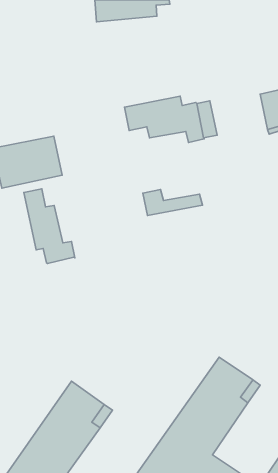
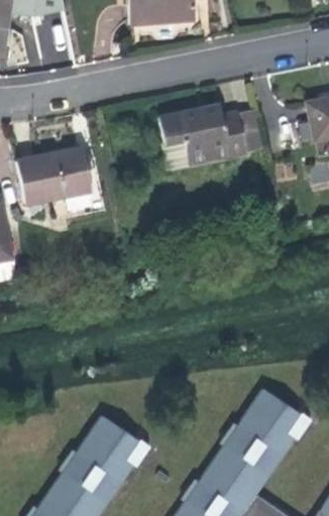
building: [24,189,75,263] -> none
building: [143,189,202,215] -> [164,138,229,166]

